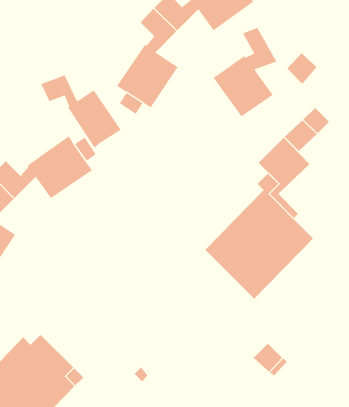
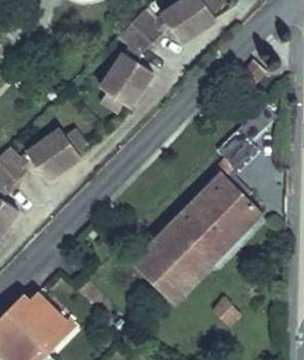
building: [213,27,277,117] -> none
building: [40,75,122,148] -> none
building: none -> [132,222,214,304]

